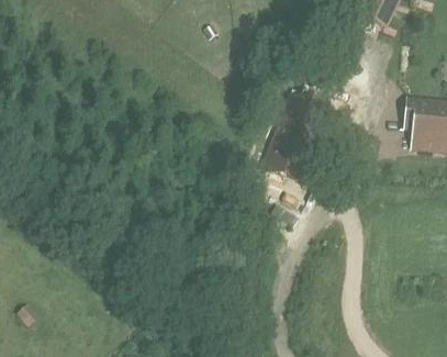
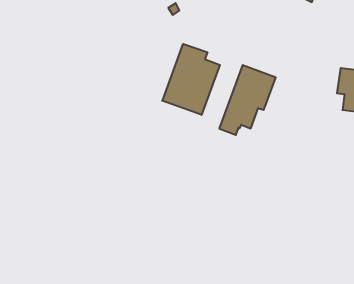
building: none -> [162,44,220,115]

